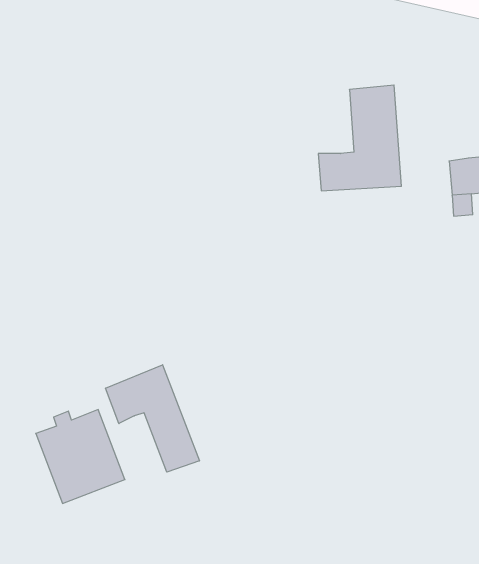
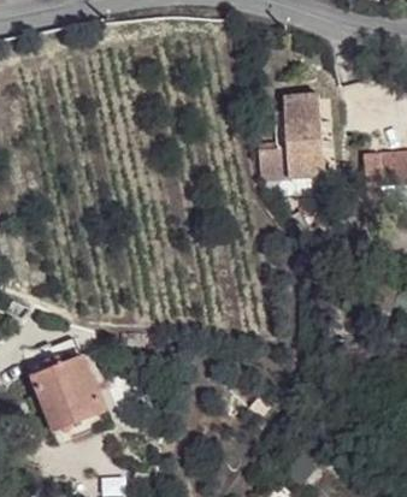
building: [106,365,199,472] -> none

